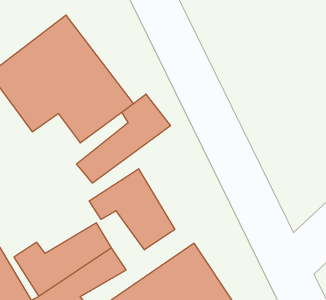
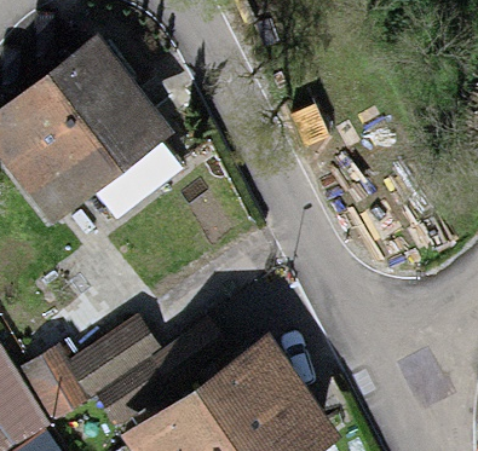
building: [77,94,170,183] -> none
building: [89,169,175,250] -> none

